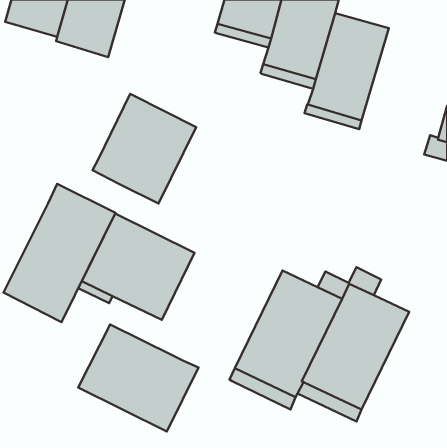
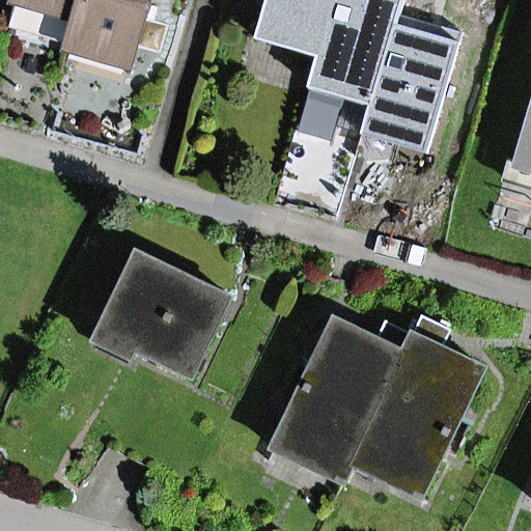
building: [92,94,196,203] -> none
building: [4,184,116,322] -> none
building: [78,324,198,431] -> none

